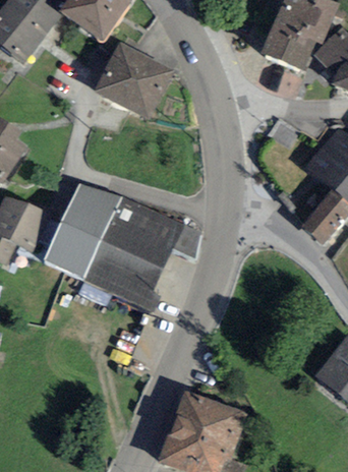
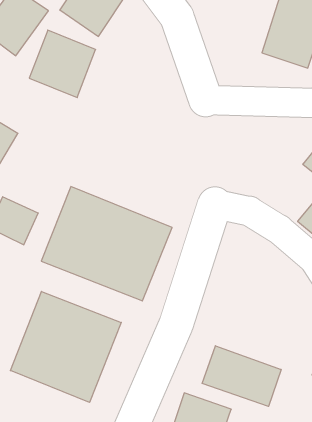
building: [102,49,168,116] -> [29,30,96,98]
building: none -> [10,291,121,402]
building: none -> [202,346,281,406]

